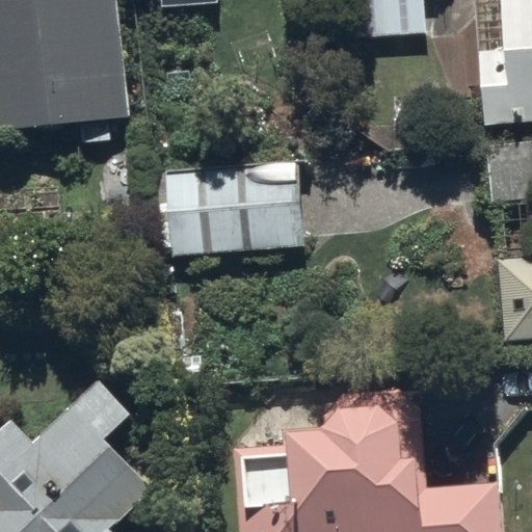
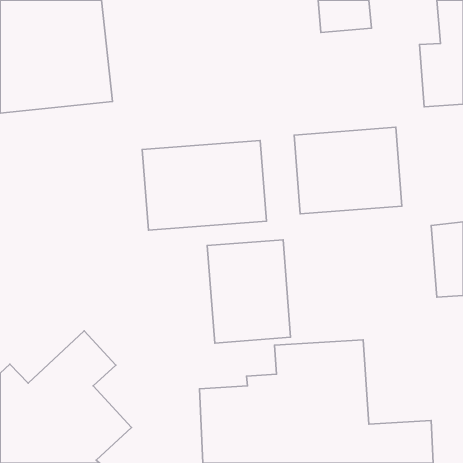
building: none -> [294,127,402,214]
building: none -> [207,240,291,343]

